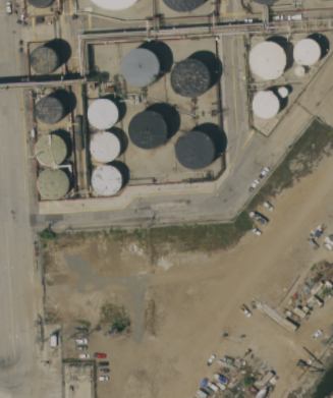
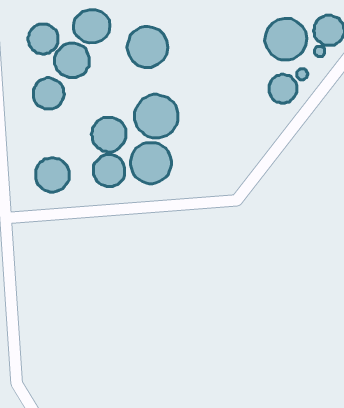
building: none -> [73,10,110,43]
building: [171,58,212,98] -> none
building: [87,98,118,129] -> [55,43,89,78]
building: [176,131,214,169] -> [130,143,172,184]
building: [34,133,65,166] -> none

